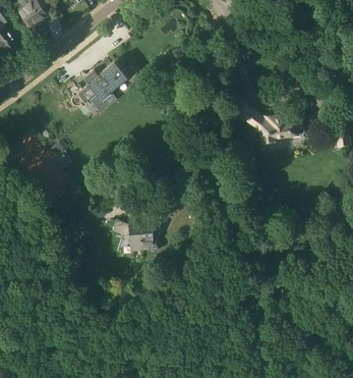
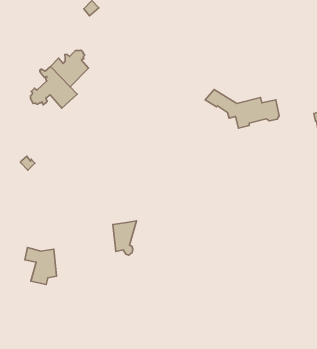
building: [113,220,141,256] -> [25,248,57,284]

